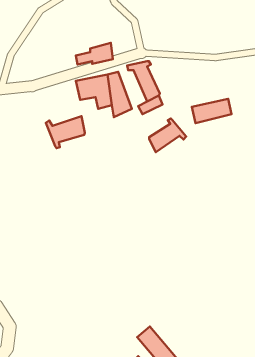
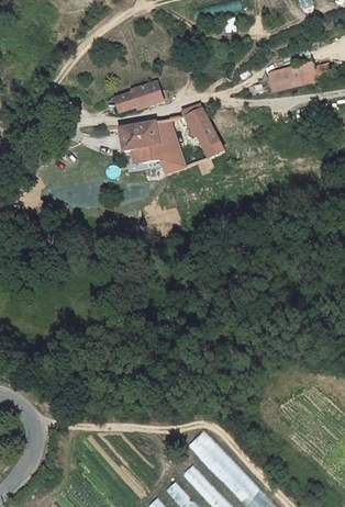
building: [192,99,232,123] -> [267,63,315,92]
building: [46,116,85,148] -> none
building: [149,118,186,152] -> none

